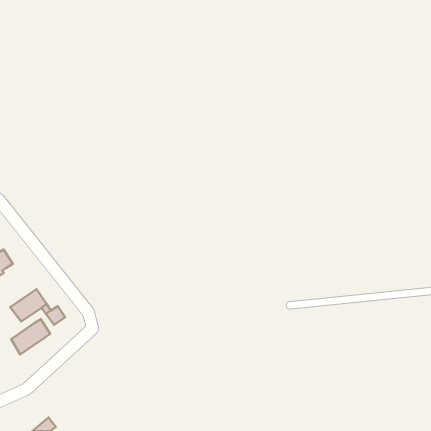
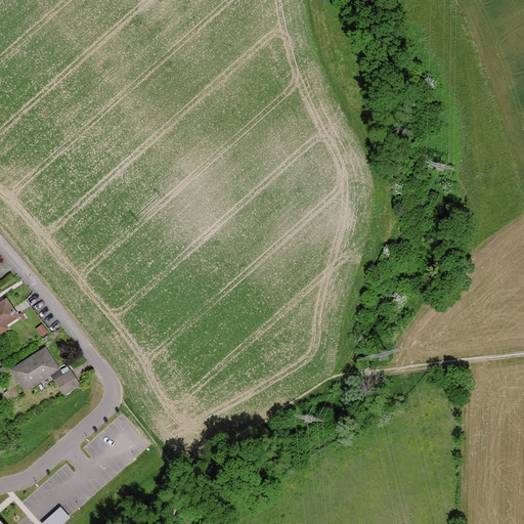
building: [11,319,50,355] -> none

